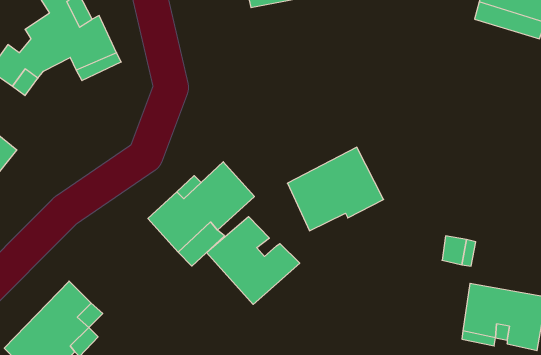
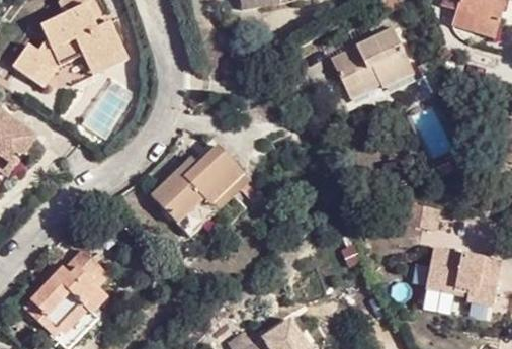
building: [287,147,384,231] -> [330,25,414,98]
building: [207,217,300,304] -> none

